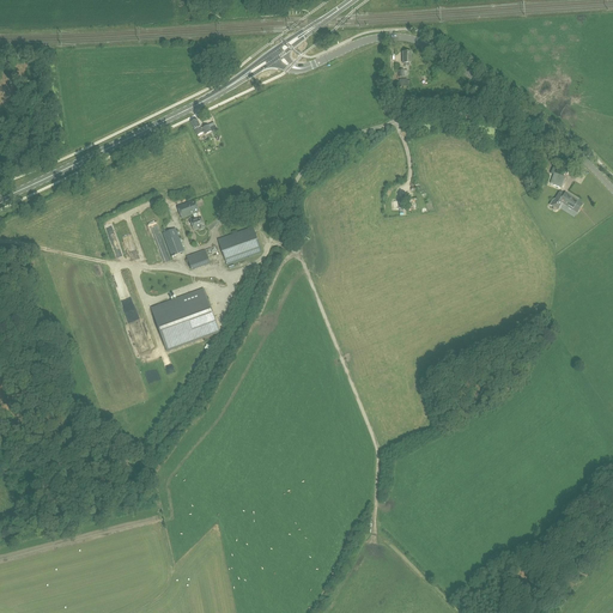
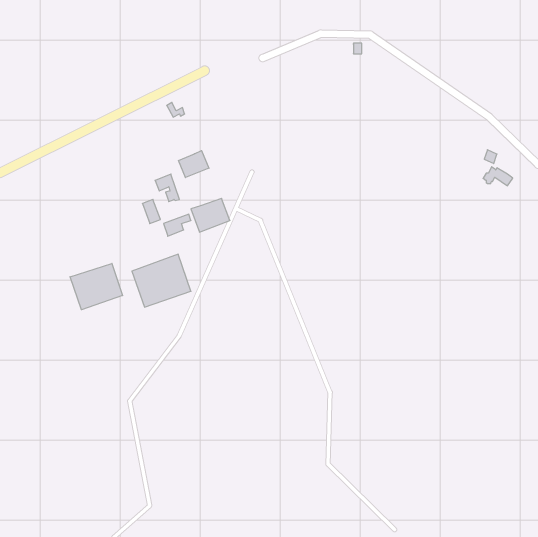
building: none -> [179,151,209,178]
building: none -> [70,263,123,310]

